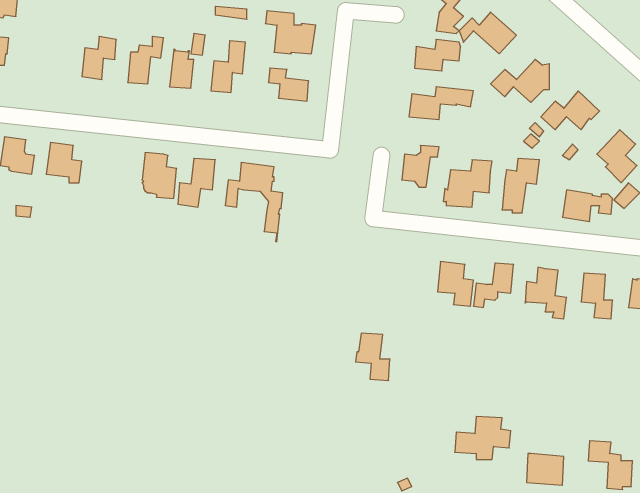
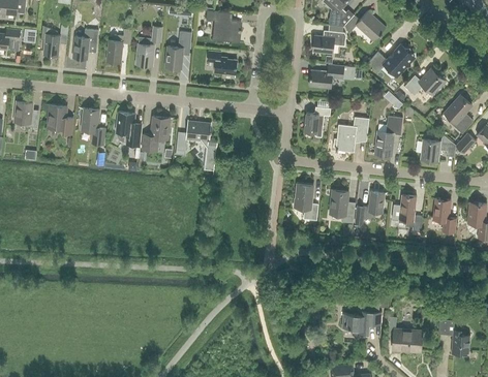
building: none -> [40,25,60,56]
building: none -> [81,107,104,144]
building: [356,333,390,381] -> [293,185,317,219]

